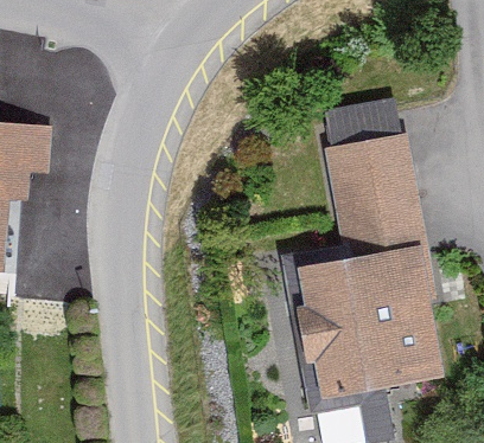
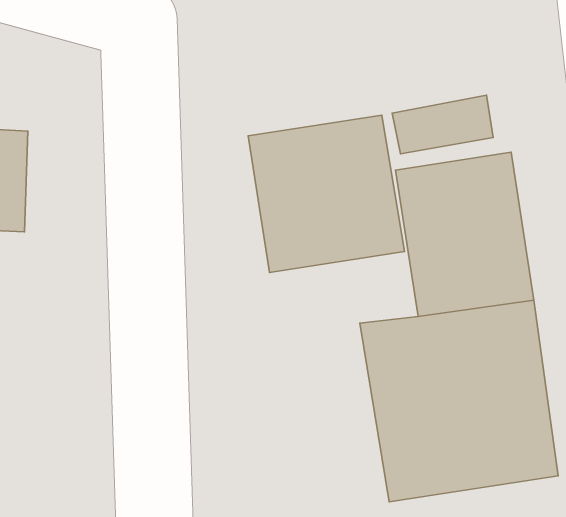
building: none -> [248,115,405,273]

